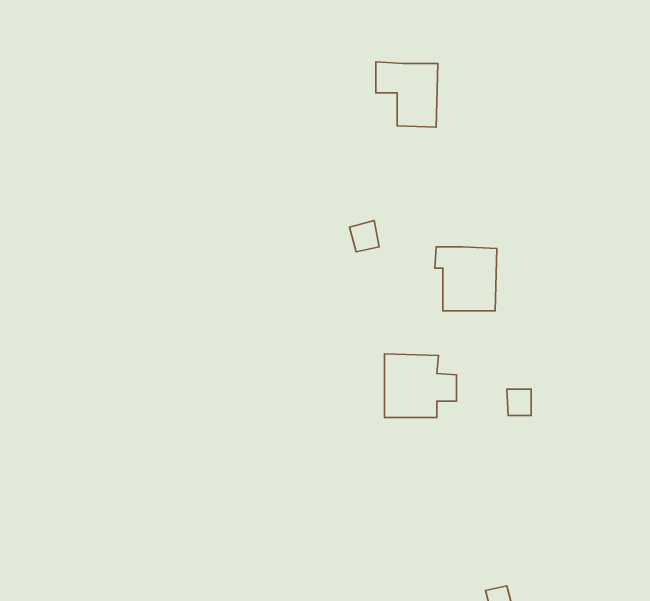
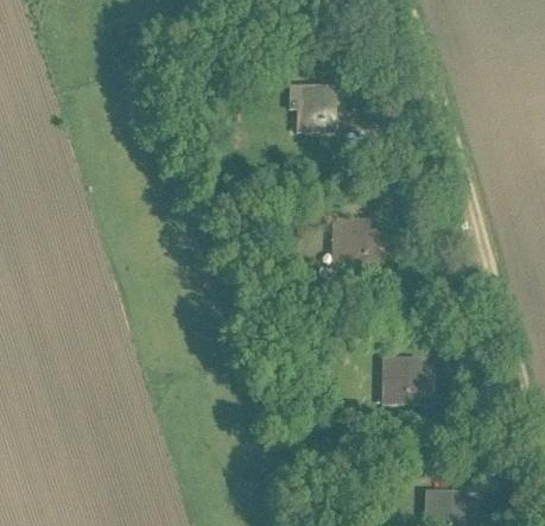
building: [384,354,456,418] -> [384,356,436,403]

